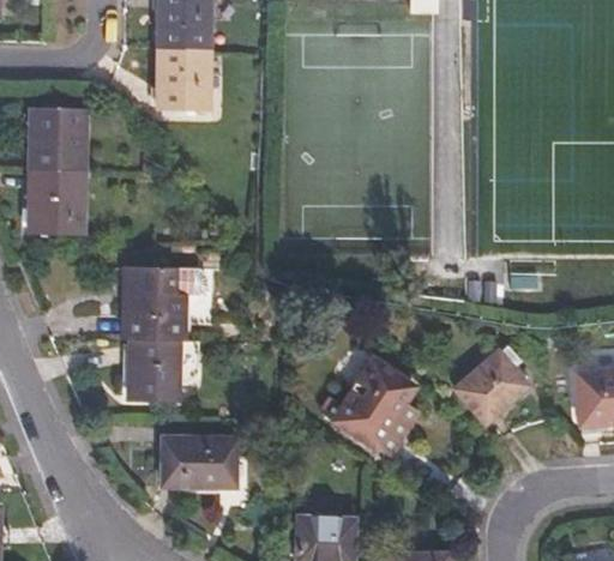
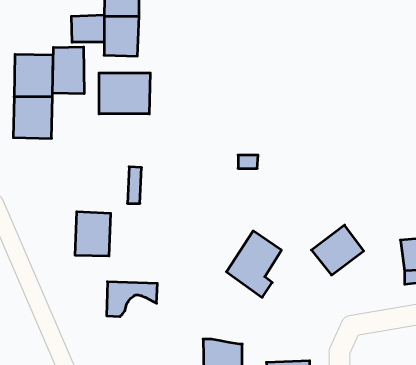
building: none -> [71,15,104,42]
building: none -> [53,47,84,94]
building: none -> [99,73,150,114]
building: [112,267,175,336] -> none
building: [181,453,234,485] -> none

